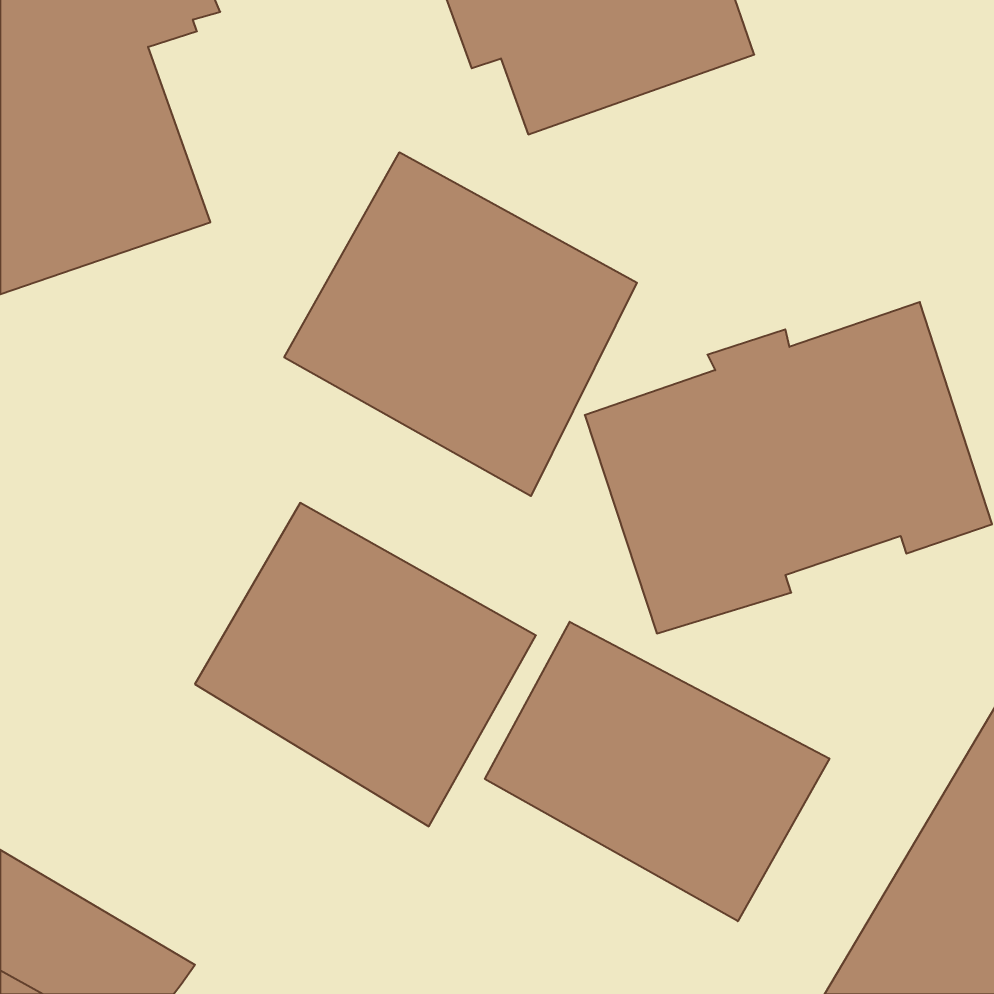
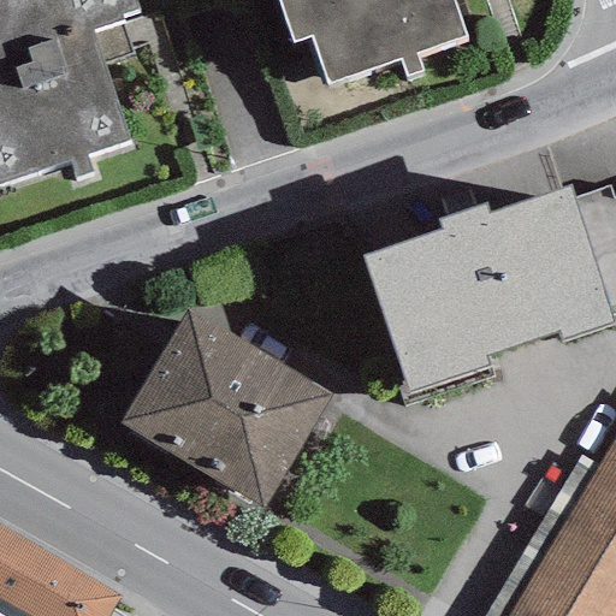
building: [284,152,637,496] -> none
building: [485,622,829,921] -> none

